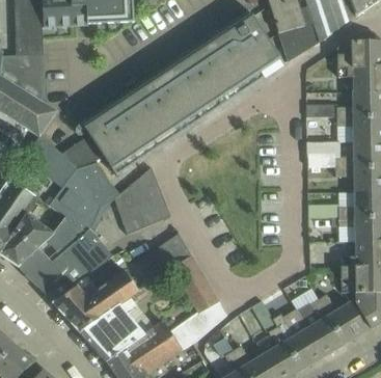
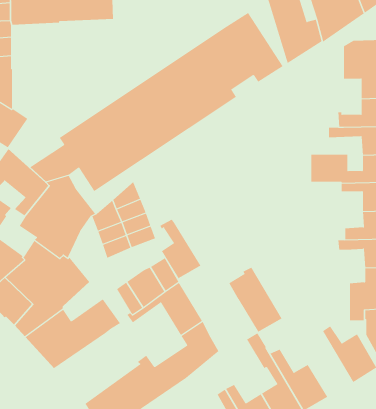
building: none -> [159,219,201,280]
building: [81,296,157,362] -> none
building: [298,298,346,356] -> [229,267,282,332]

